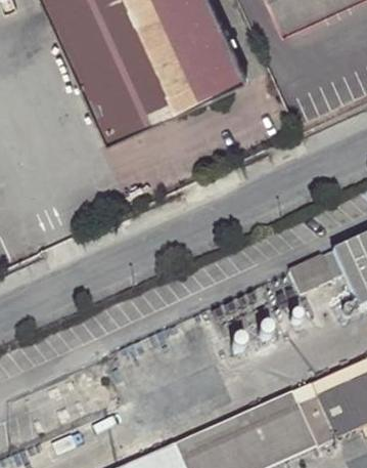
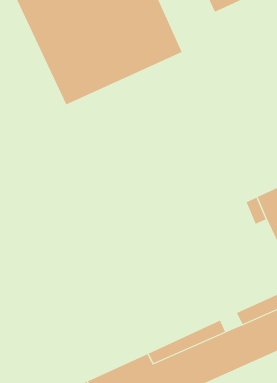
building: [288,252,331,293] -> none

